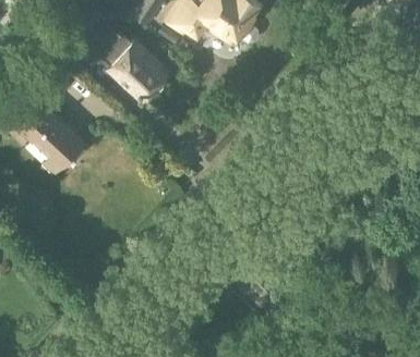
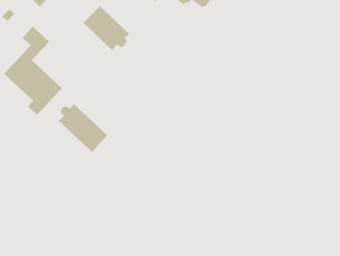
building: none -> [58,103,108,153]

